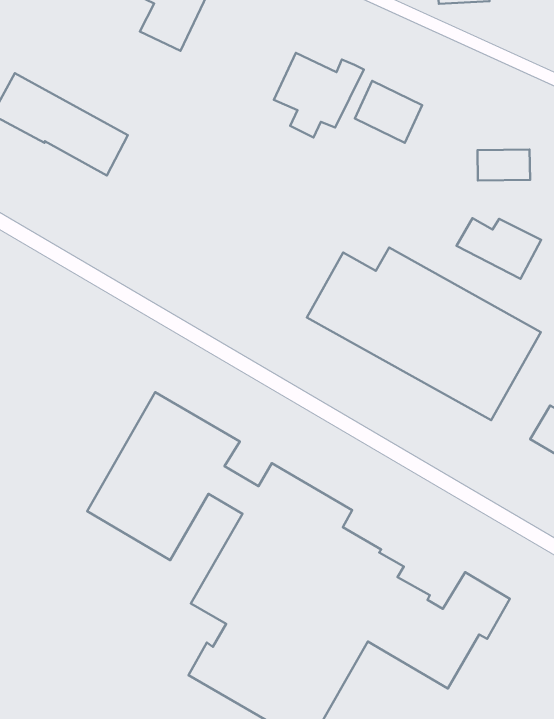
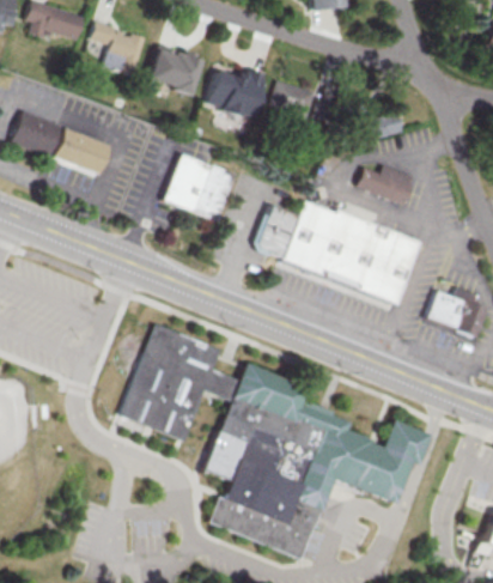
building: none -> [146,45,205,101]
building: none -> [162,152,232,219]

